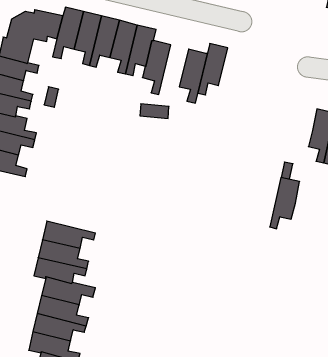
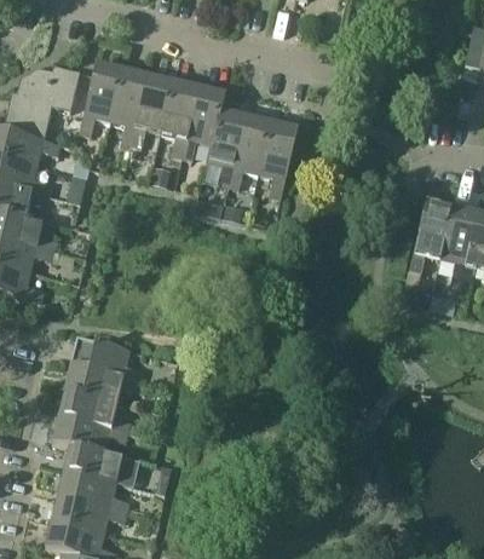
building: [198,44,228,95] -> [229,115,271,188]
building: [270,177,300,229] -> [410,200,453,272]
building: none -> [70,338,142,381]

